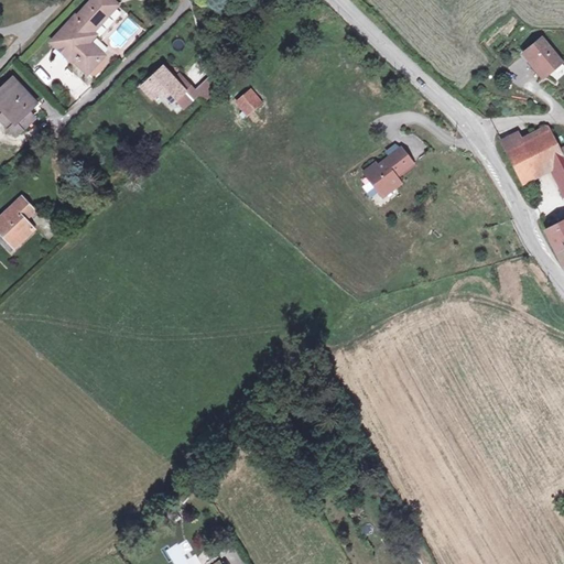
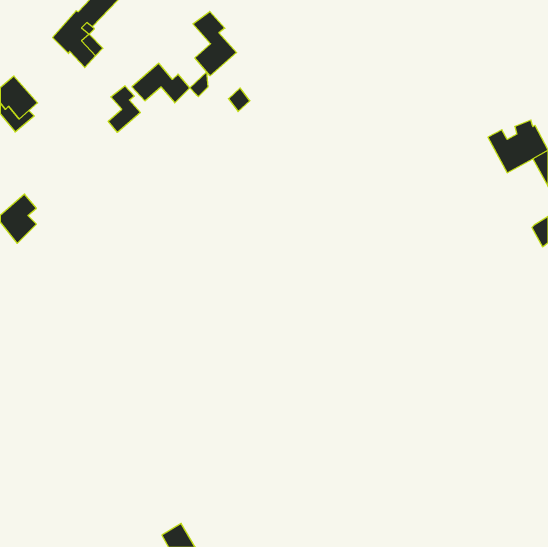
building: none -> [193,11,237,76]
building: [520,35,558,74] -> none
building: none -> [108,86,140,132]
building: [355,150,403,198] -> none

